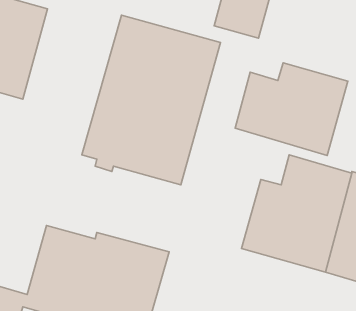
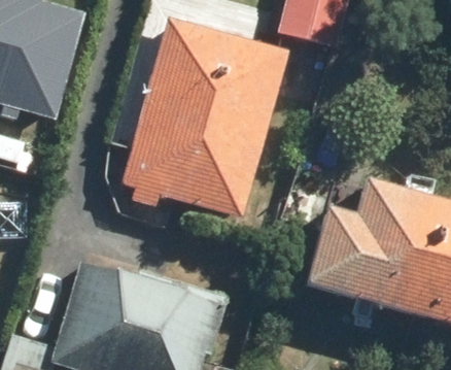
building: [235,63,348,156] -> none

